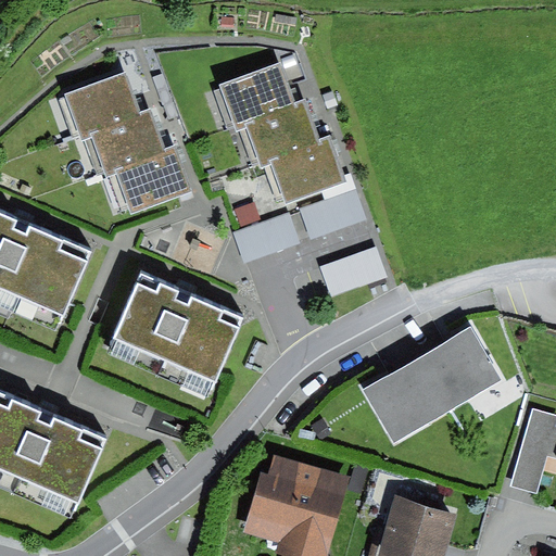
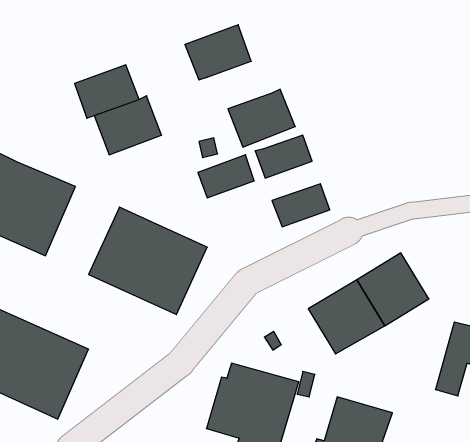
building: [63,71,139,135] -> none
building: [243,101,318,163] -> none

